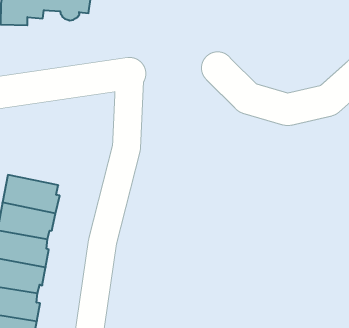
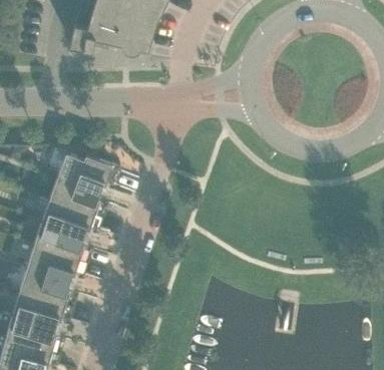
building: none -> [59,150,114,190]

